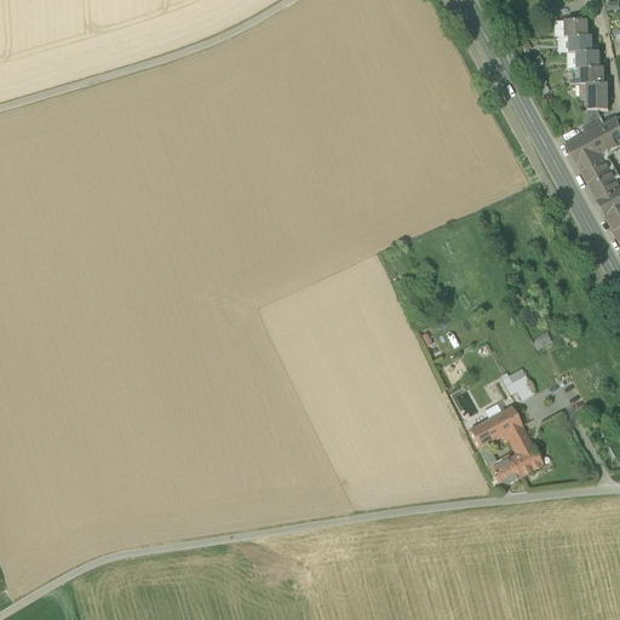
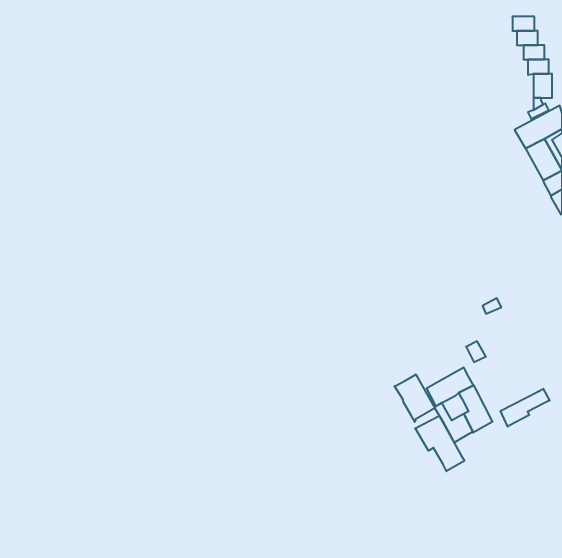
building: none -> [395,374,435,422]
building: none -> [501,389,550,427]
building: none -> [415,416,464,471]

